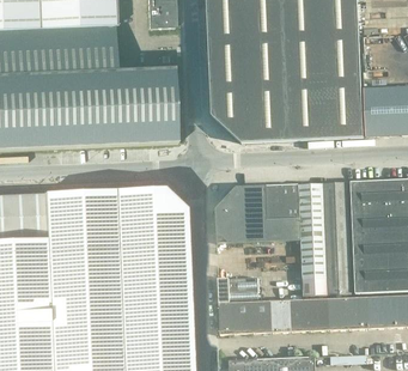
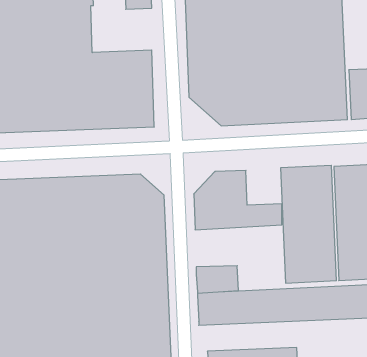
building: [266,183,299,218] -> none

